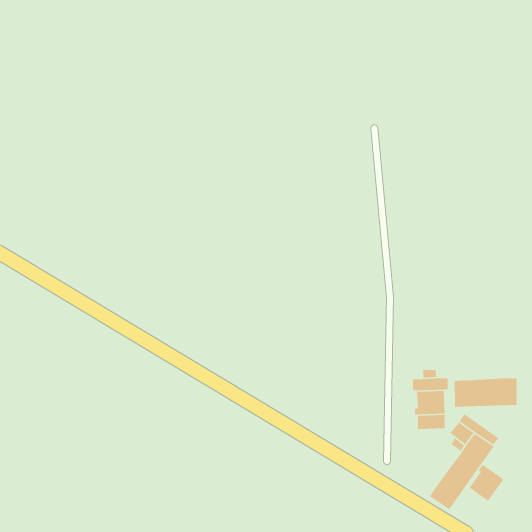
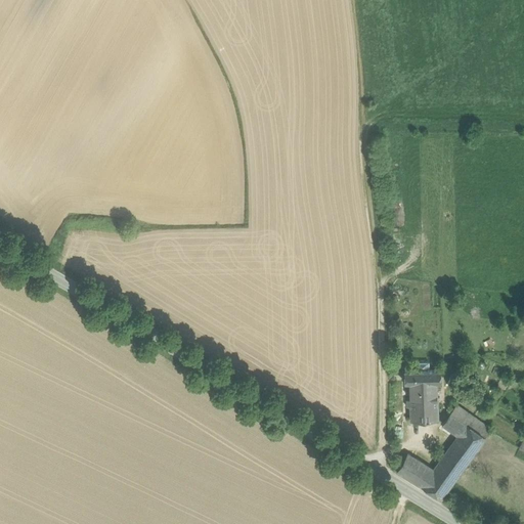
building: [454,377,518,407] -> none
building: none -> [396,455,433,488]
building: [468,464,504,502] -> none

